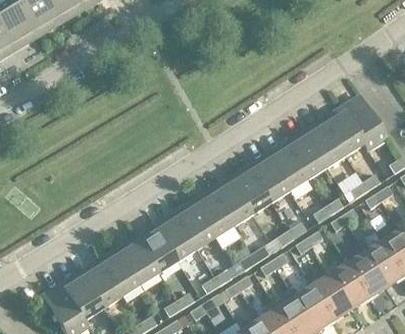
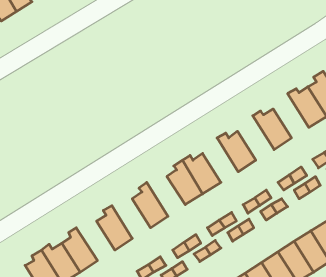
building: [308,120,346,167] -> none
building: [270,144,309,190] -> none
building: [234,167,271,214] -> none
building: [174,208,215,249] -> none
building: [138,231,179,273] -> none
building: [100,255,141,296] -> none

